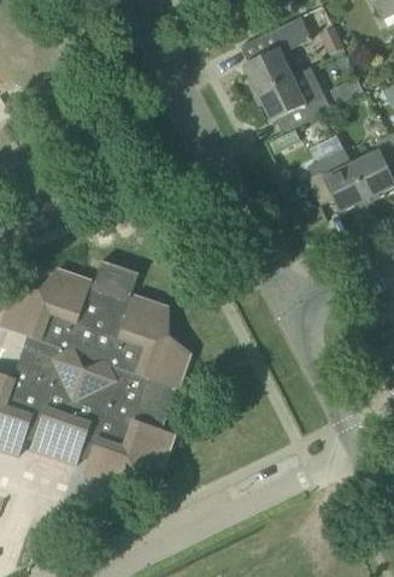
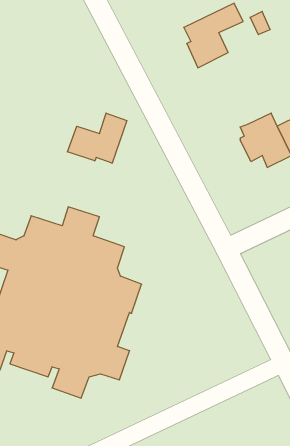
building: [257,75,331,130] -> none
building: none -> [67,113,127,163]

